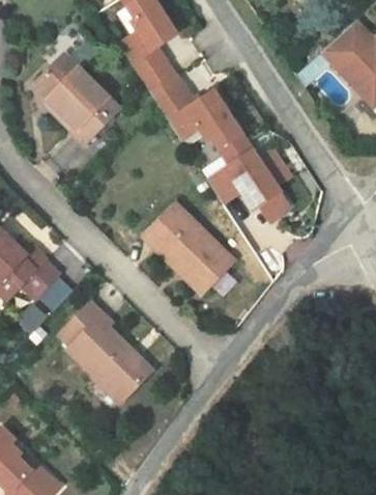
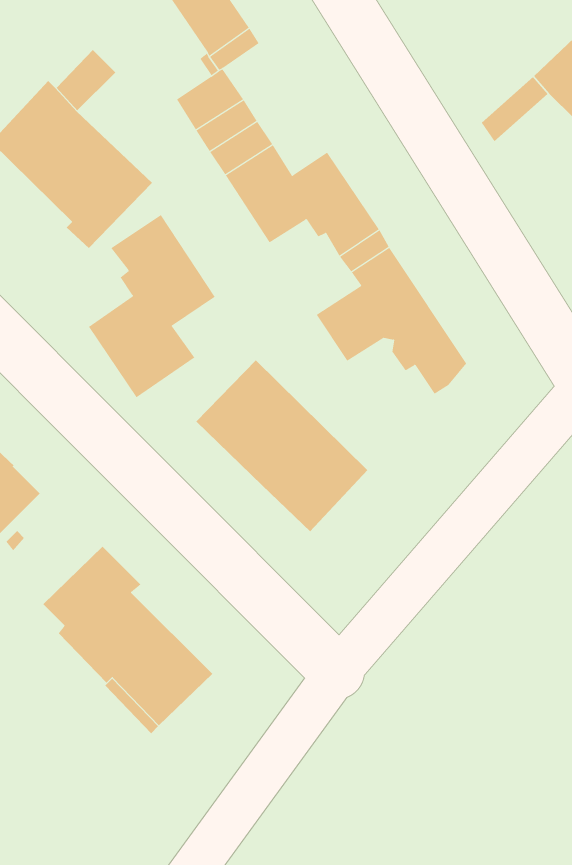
building: none -> [88,214,216,398]

